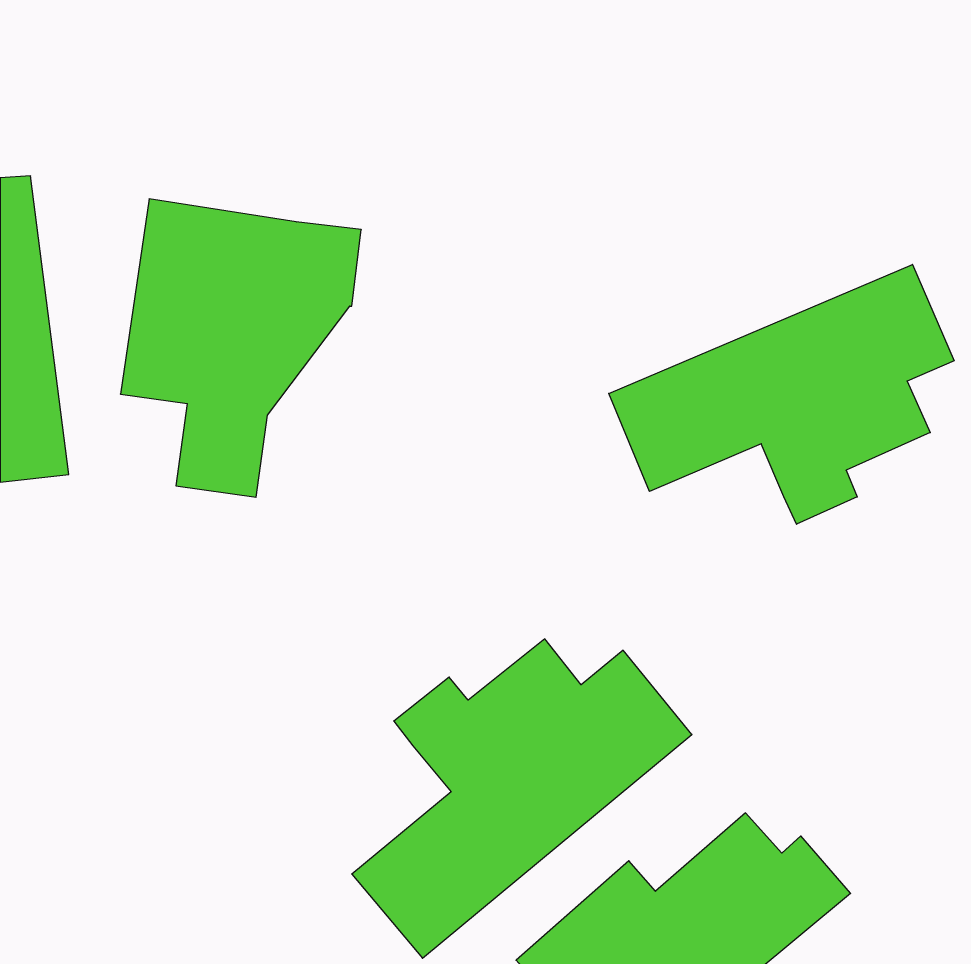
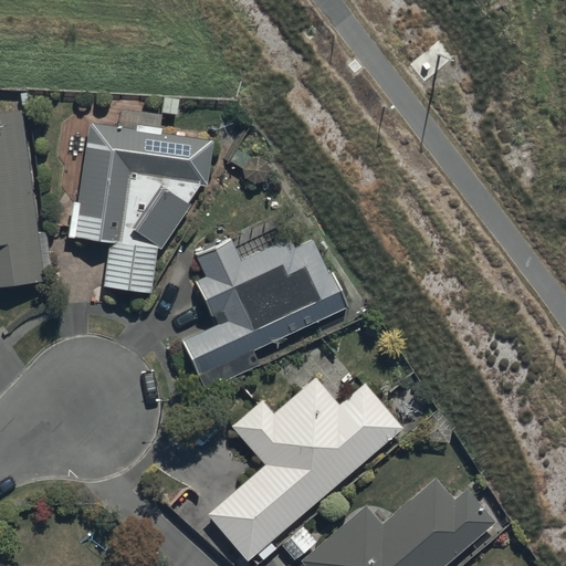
building: [609,264,954,524] -> none
building: none -> [178,238,346,374]

